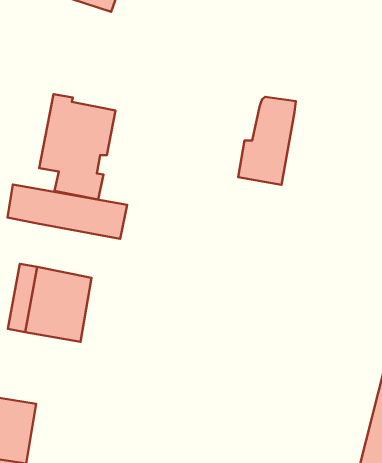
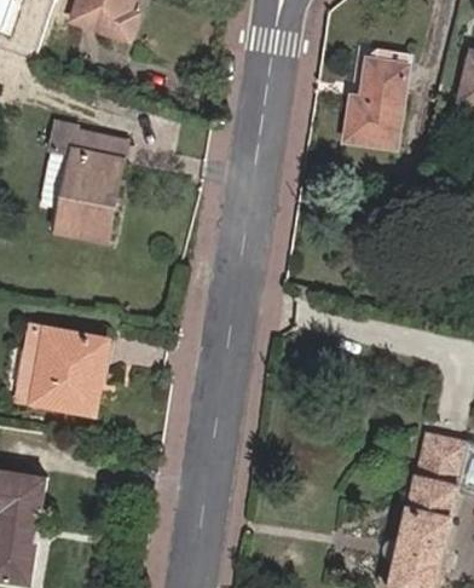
building: [238,97,296,185] -> [343,51,407,149]
building: [7,185,127,239] -> none

